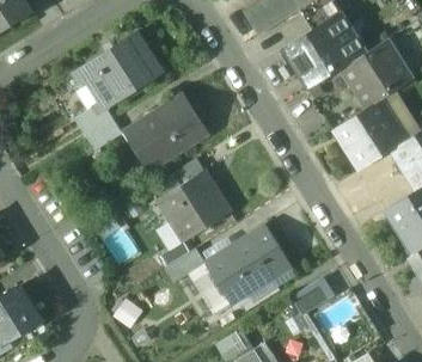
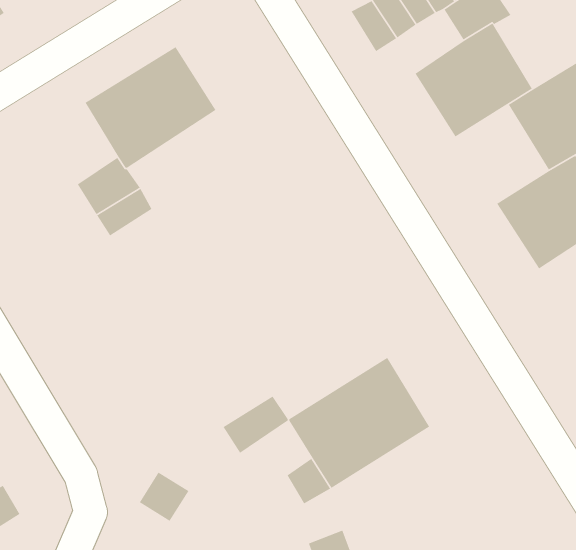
building: [122,93,208,171] -> none
building: [157,170,230,241] -> none
building: [290,277,334,313] -> none

